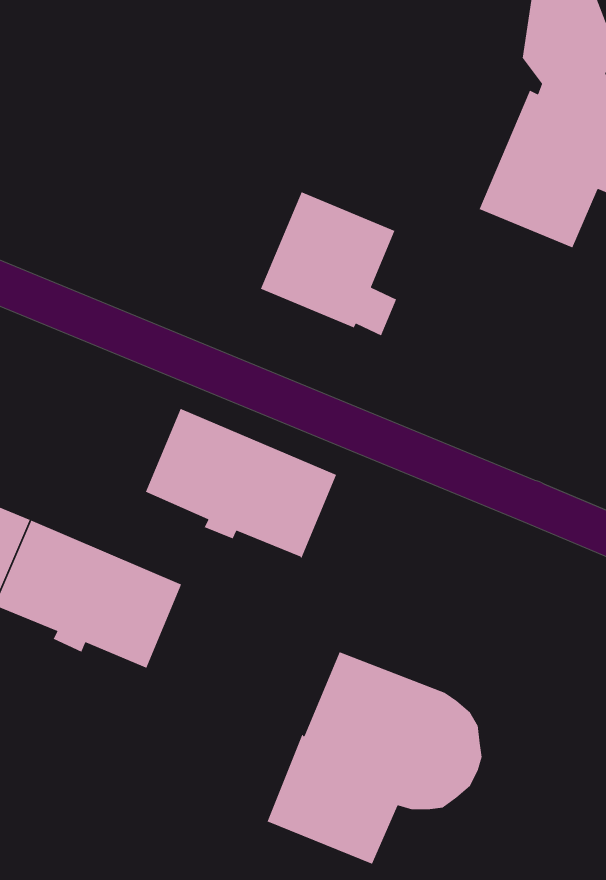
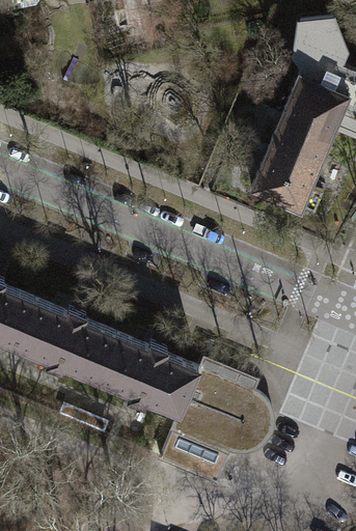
building: [260,191,397,336] -> [251,134,324,211]
building: [145,408,337,559] -> [98,332,199,412]

